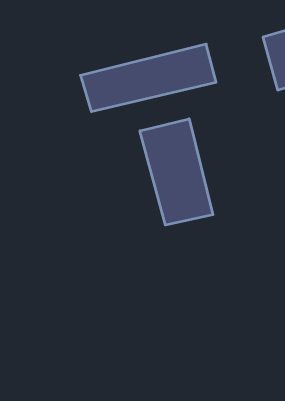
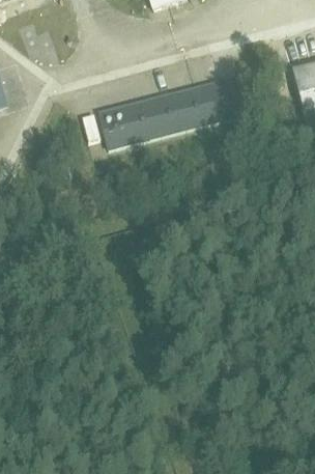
building: [140,119,213,225] -> none

